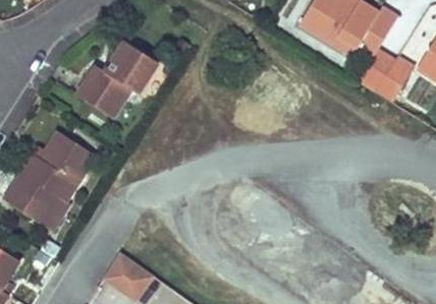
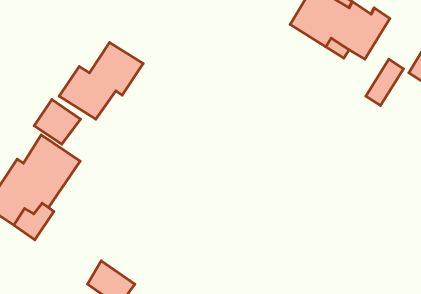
building: none -> [34,100,81,144]

